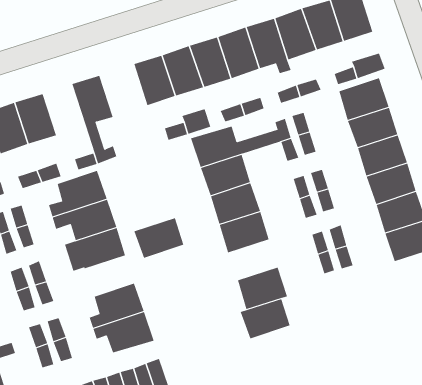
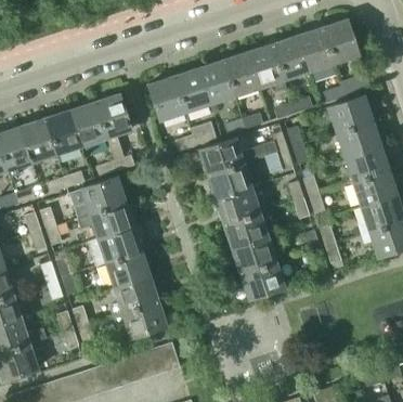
building: none -> [69,101,106,146]
building: [134,218,184,258] -> [105,251,150,287]
building: [240,298,291,339] -> [231,237,275,273]

